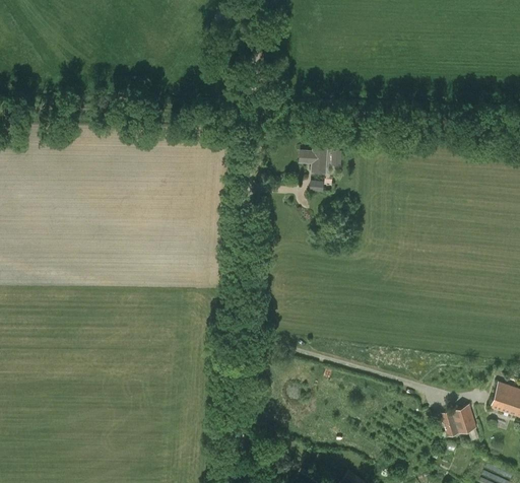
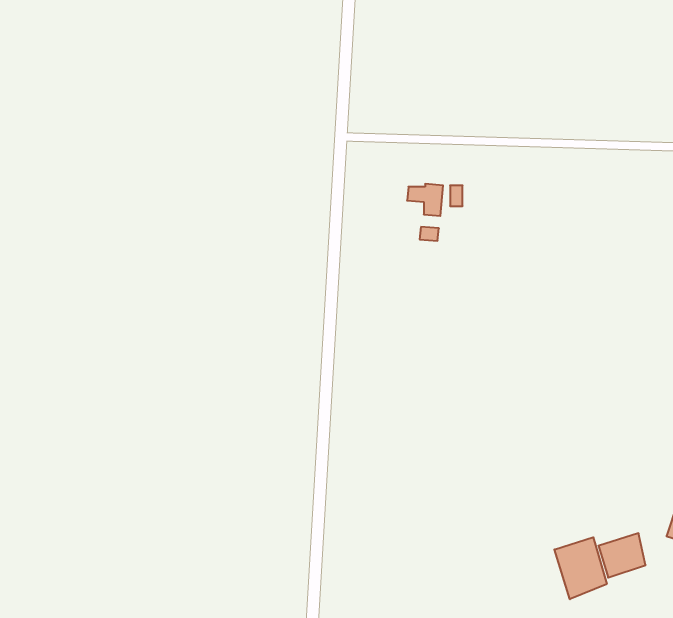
building: none -> [554,537,607,599]

